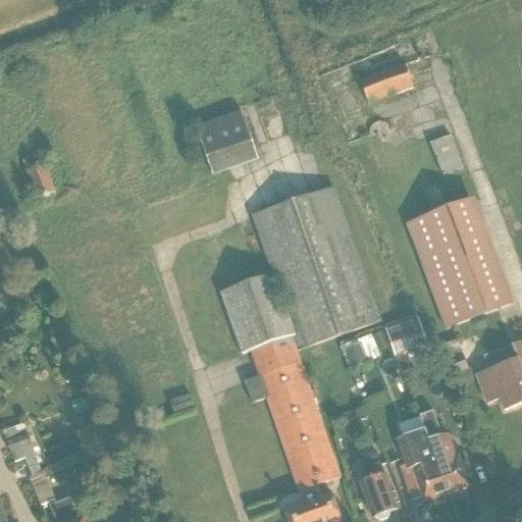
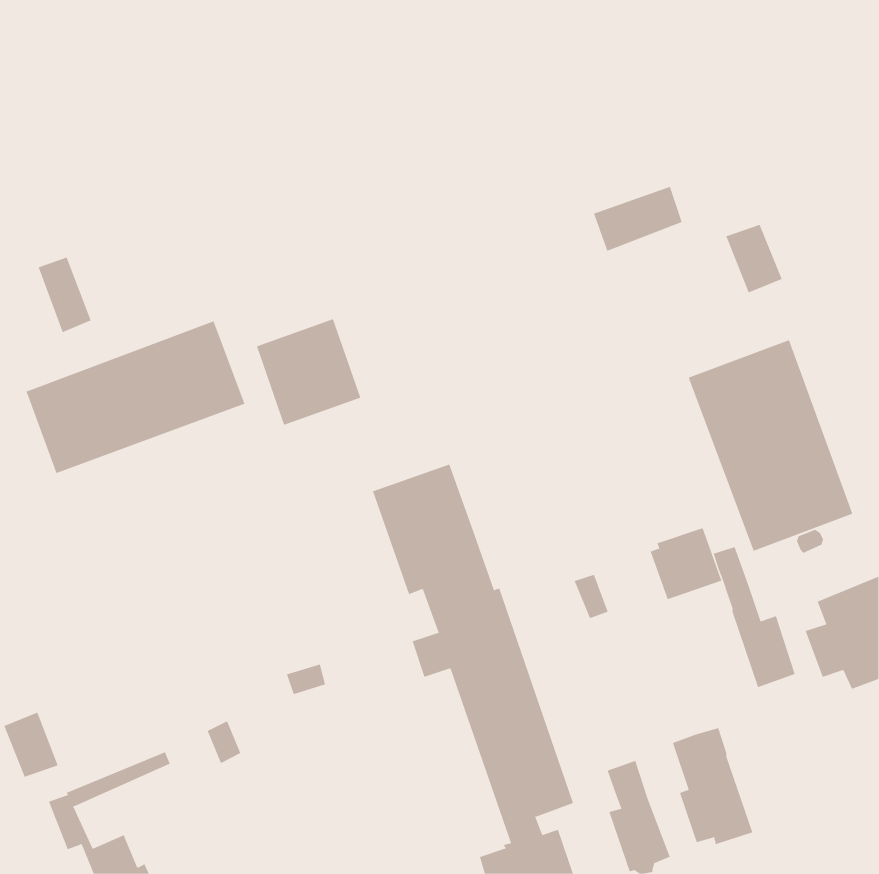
building: [359,62,412,101] -> [593,186,683,252]
building: [196,108,258,171] -> [256,319,361,425]
building: [252,186,380,349] -> none
building: none -> [26,320,245,474]
building: [419,409,468,492] -> [713,547,795,688]

